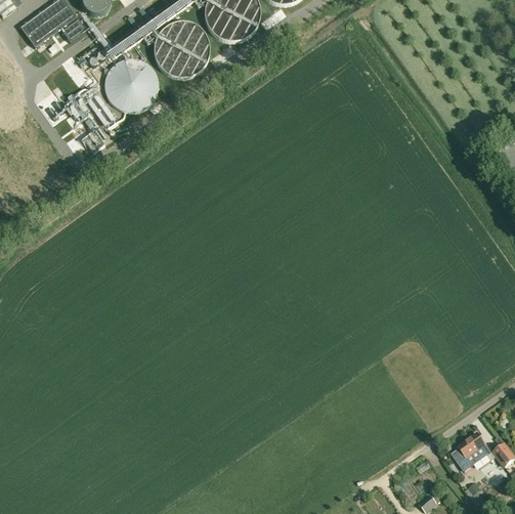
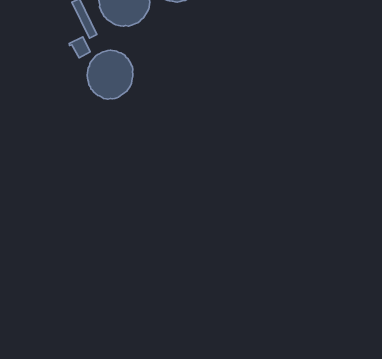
building: none -> [87,50,133,99]

